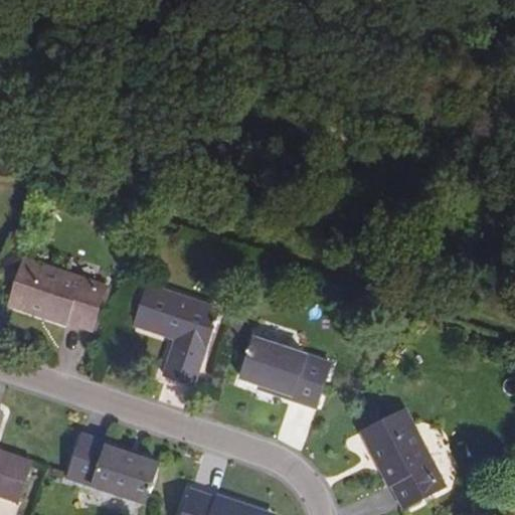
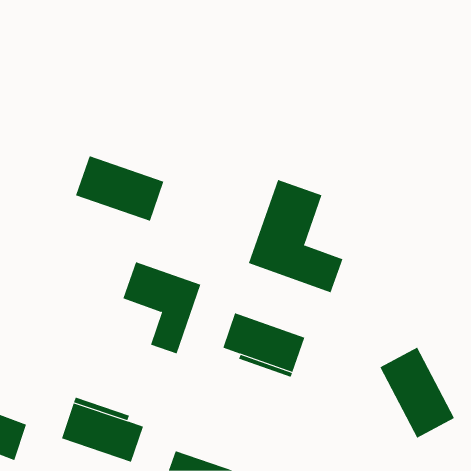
building: none -> [248,179,343,293]
building: [8,258,105,329] -> [75,156,164,221]
building: [362,407,444,507] -> [380,347,455,439]

